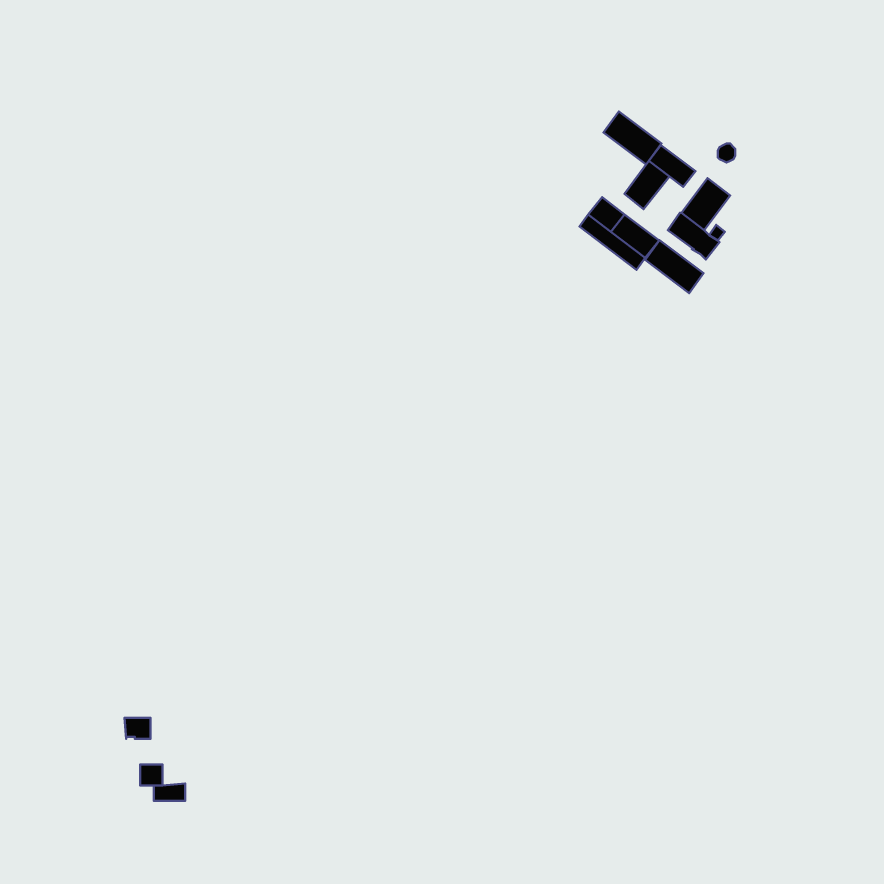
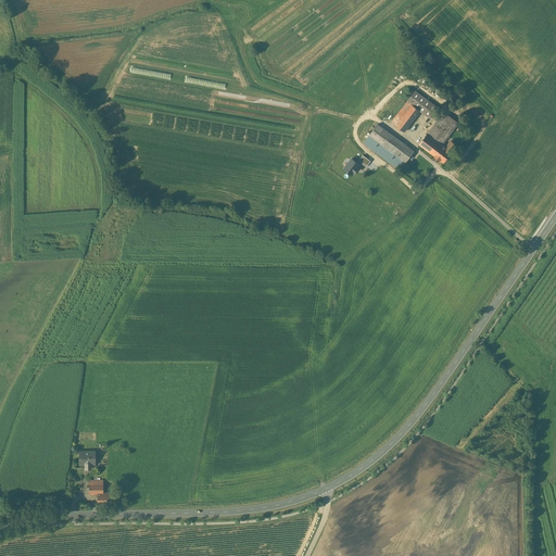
building: [603,111,661,165] -> none
building: [645,240,704,293] -> none

